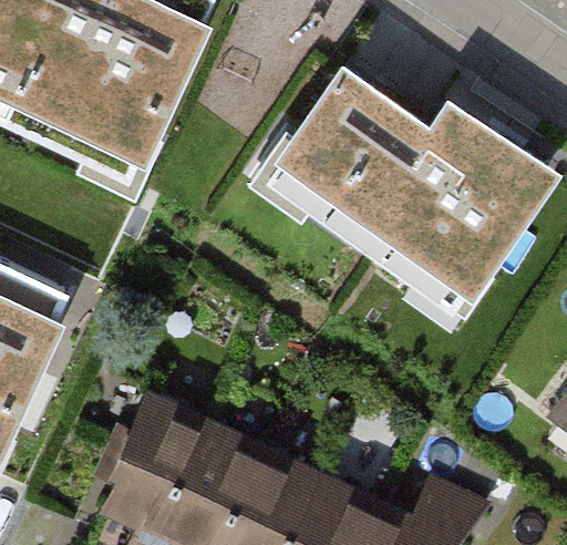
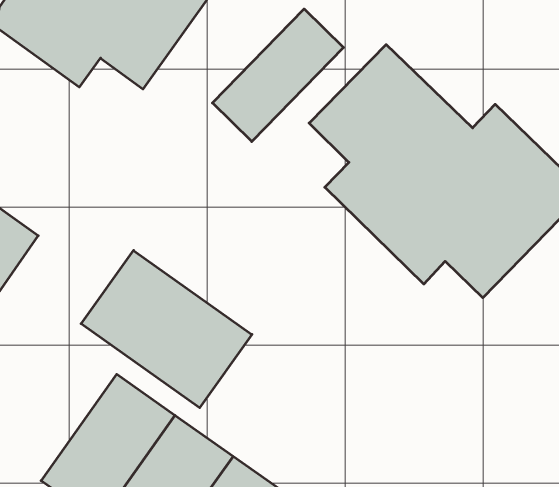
building: none -> [212,9,343,142]
building: none -> [81,250,252,408]

